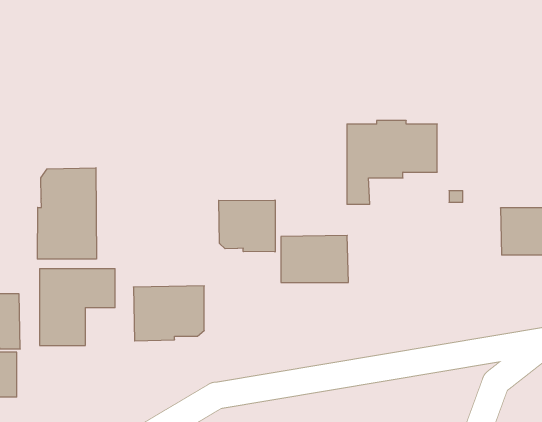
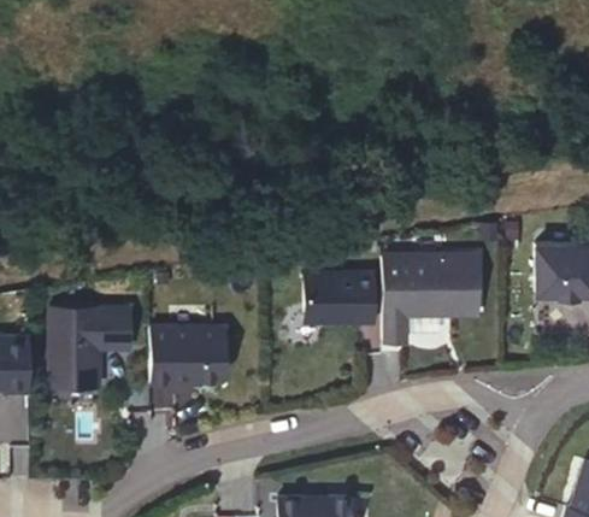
building: [347,121,437,204] -> [383,257,478,345]
building: [37,168,96,259] -> none
building: [219,200,275,252] -> none

